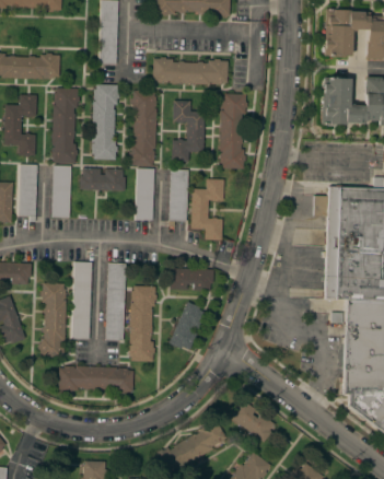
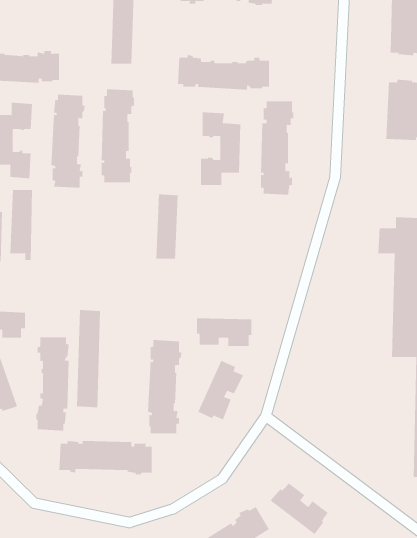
building: [128,91,155,166] -> none
building: [50,166,70,218] -> none
building: [79,168,125,191] -> none
building: [167,170,187,222] -> none
building: [189,179,223,241] -> none
building: [105,264,125,341] -> none

